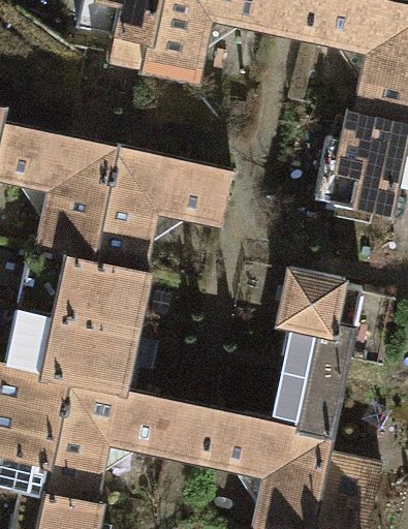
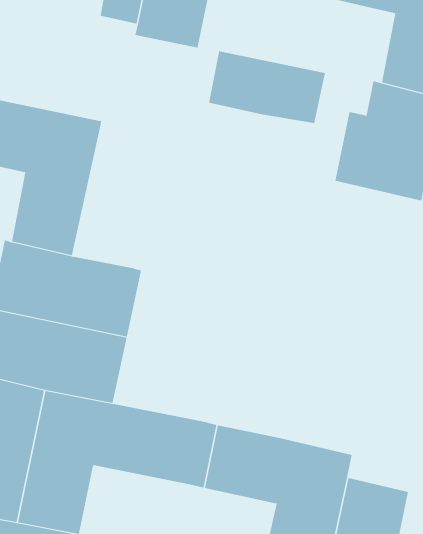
building: none -> [208,50,325,124]
building: [91,147,232,274] -> none
building: [272,269,364,435] -> none

